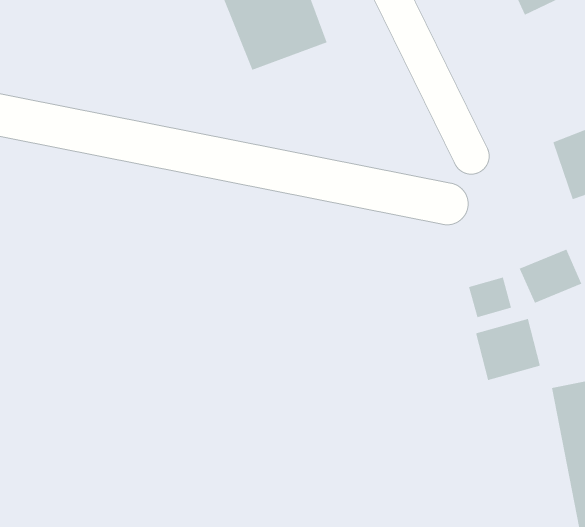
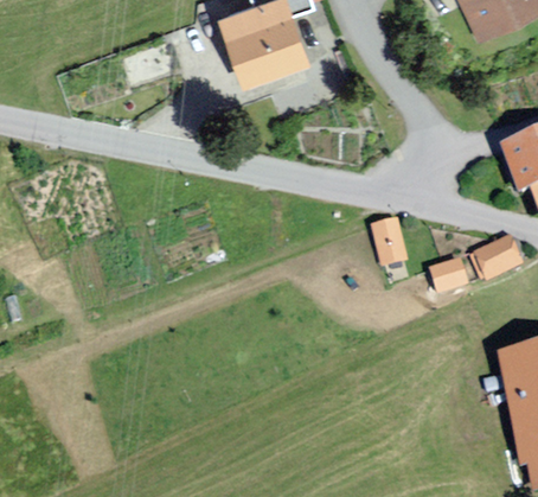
building: none -> [370,221,408,266]
building: [475,318,541,381] -> none

